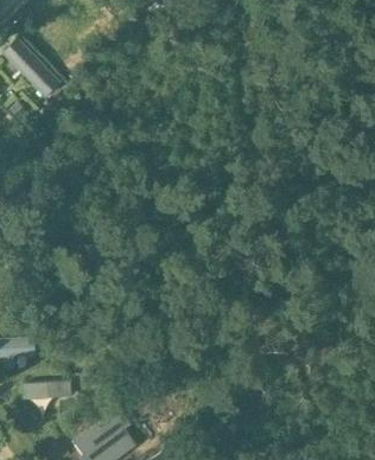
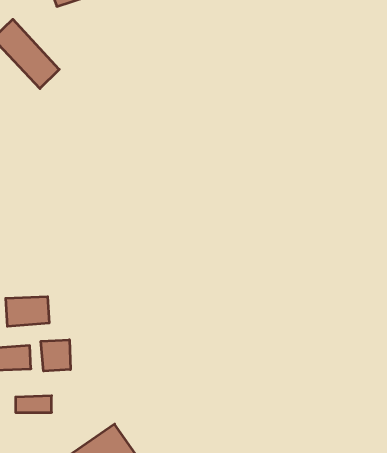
building: none -> [6,297,49,326]
building: none -> [41,340,70,371]

